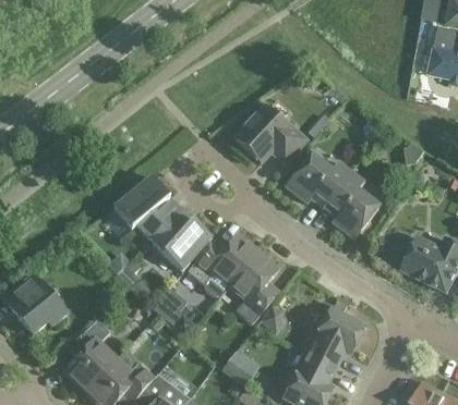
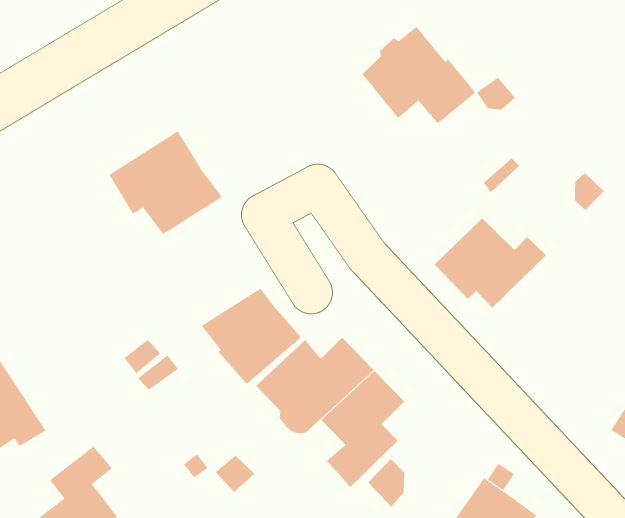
building: [234,106,304,162] -> [361,26,476,124]
building: [322,171,378,238] -> none
building: [112,176,182,240] -> [108,131,223,235]

